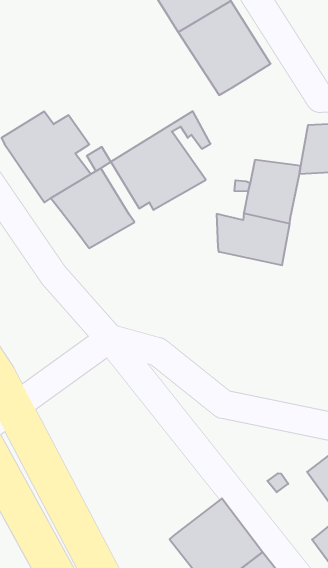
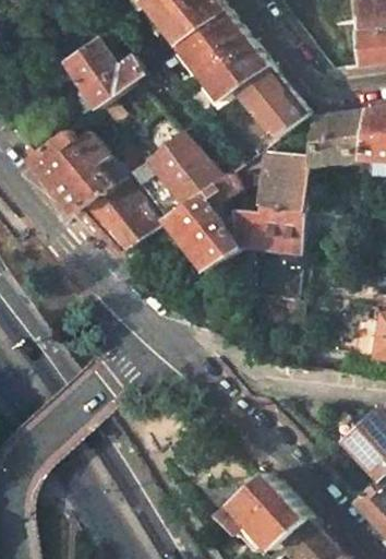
building: none -> [65,28,144,108]
building: none -> [238,66,309,140]
building: none -> [172,174,243,270]

